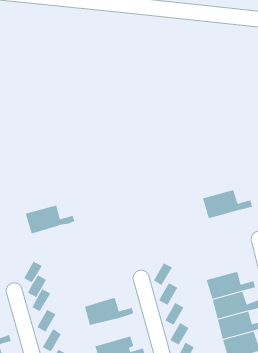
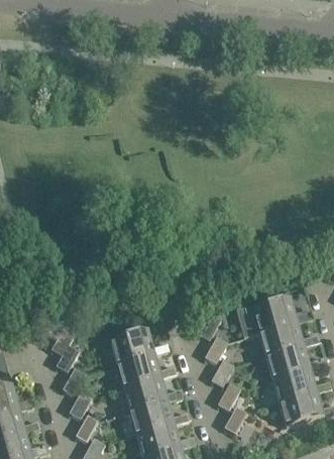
building: [202,189,253,219] -> [252,300,312,334]
building: [25,205,75,234] -> [110,331,169,365]
building: none -> [123,378,183,412]

